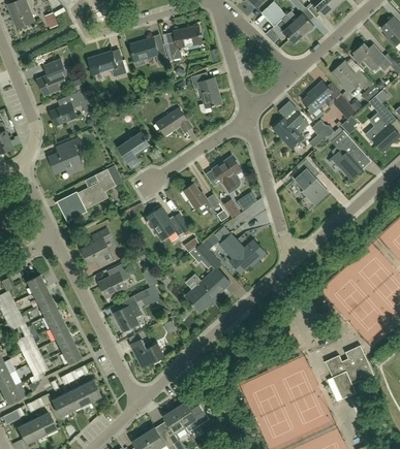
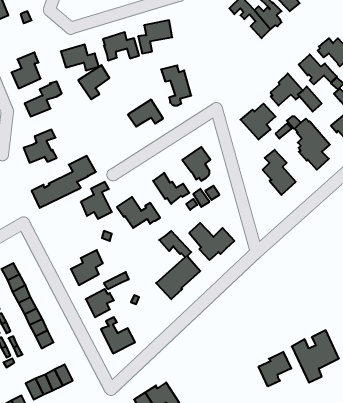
building: [117,132,149,167] -> [78,65,109,99]
building: [82,229,114,267] -> [81,182,112,219]
building: none -> [259,352,291,386]

